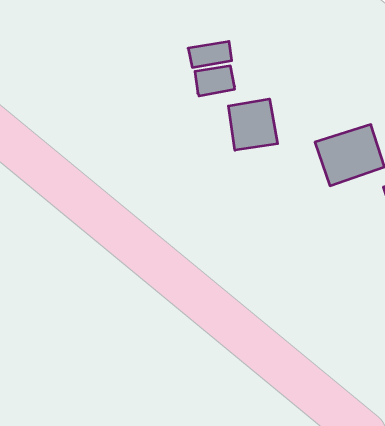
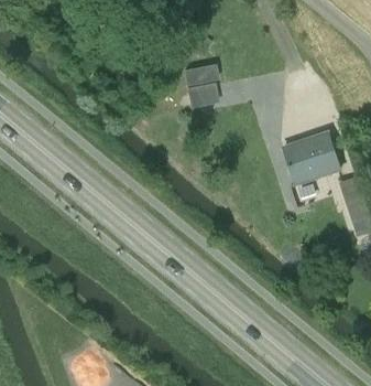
building: [228,99,278,150] -> none

